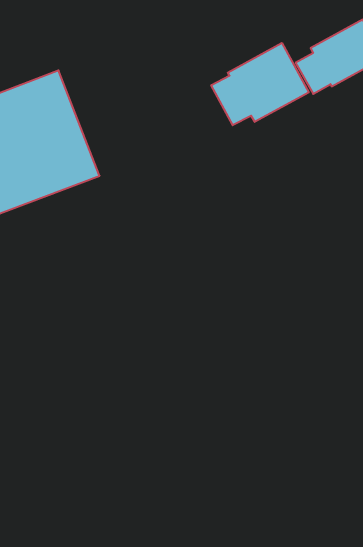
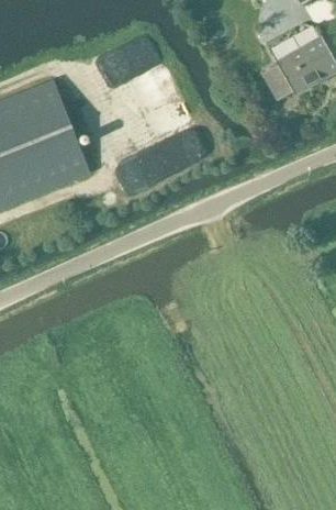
building: [211,43,309,125] -> none

